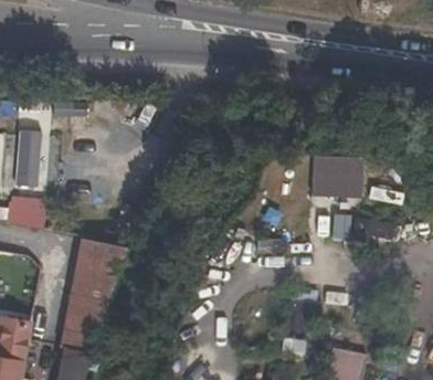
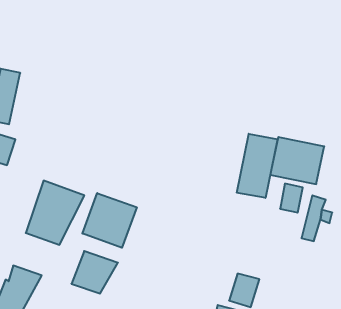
building: none -> [237,134,277,198]
building: none -> [82,193,137,248]
building: [64,294,108,335] -> [71,251,118,294]

